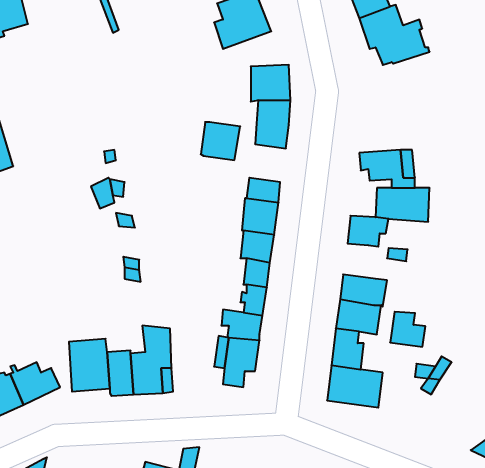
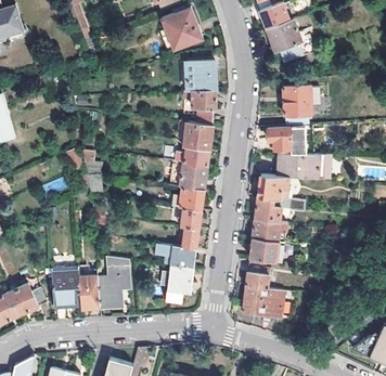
building: none -> [283,86,312,116]
building: [201,122,240,160] -> [184,122,214,151]
building: [390,312,425,347] -> [256,196,282,222]

